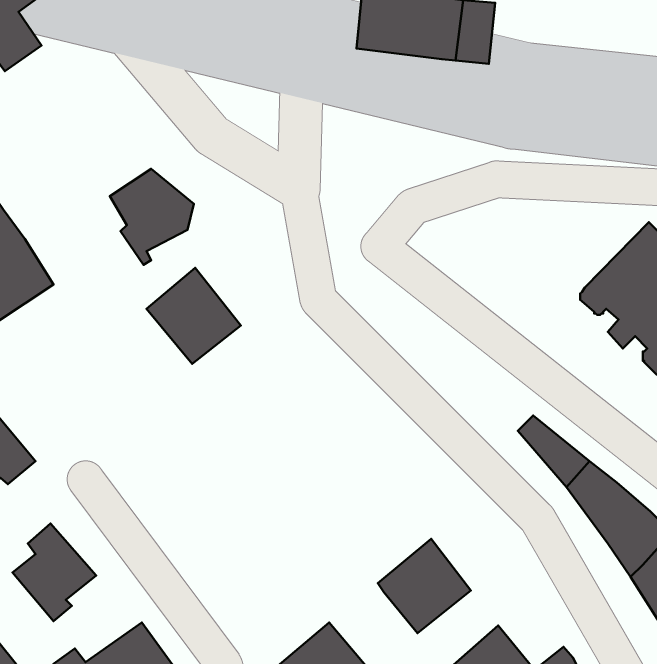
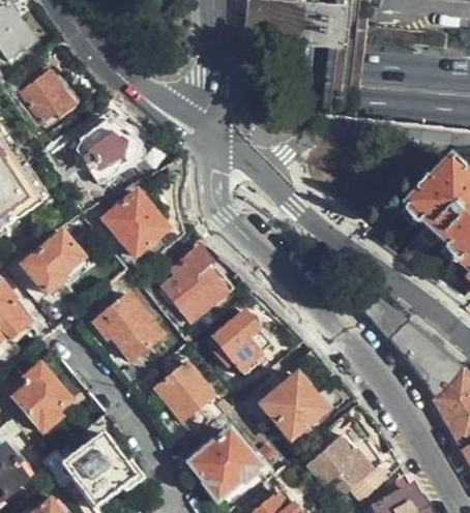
building: none -> [20,69,76,121]
building: none -> [21,234,81,294]
building: none -> [166,244,239,323]
building: none -> [95,293,165,362]
building: none -> [214,312,272,370]
building: none -> [155,361,214,422]

